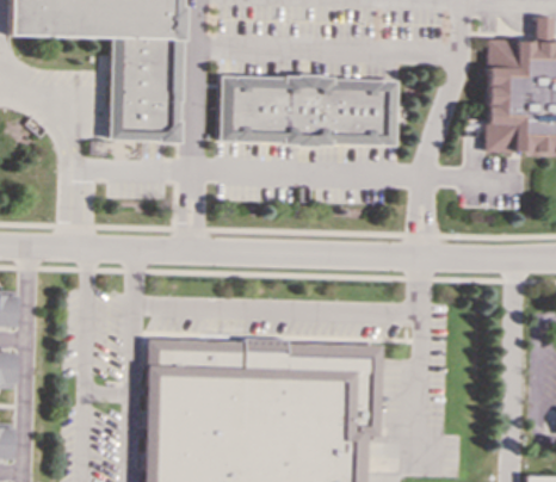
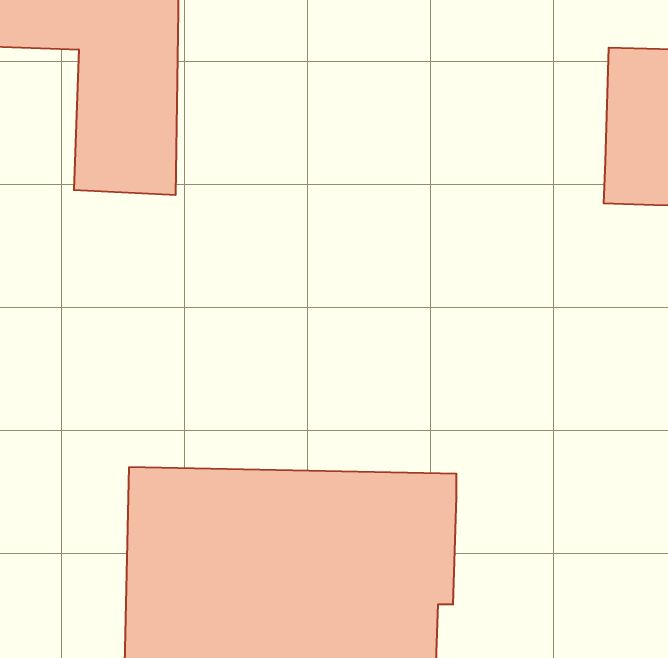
building: [221,74,397,146] -> none

